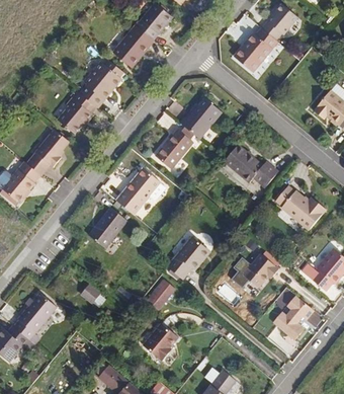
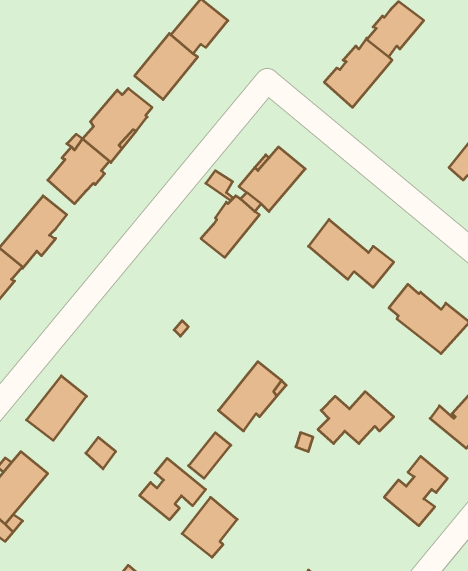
building: [115,167,161,215] -> none
building: [88,207,126,248] -> [26,376,87,440]
building: none -> [140,458,206,520]

